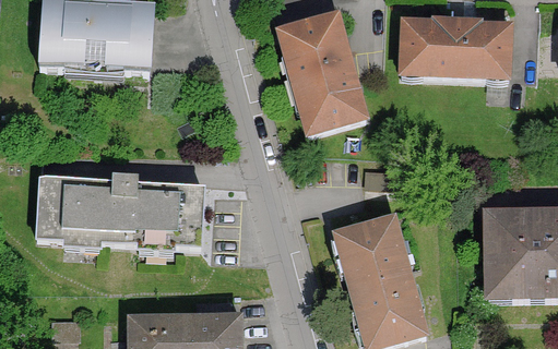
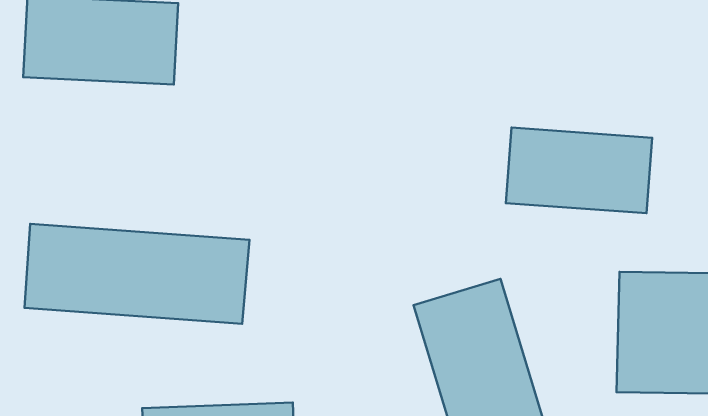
building: [274,12,367,130] -> none
building: [402,15,512,80] -> [506,128,652,213]

